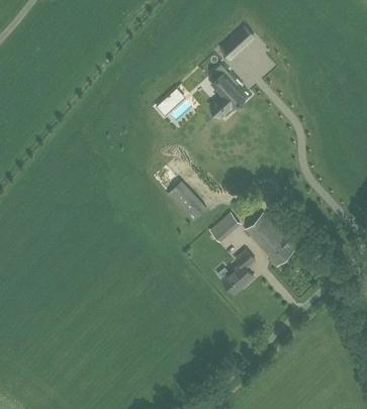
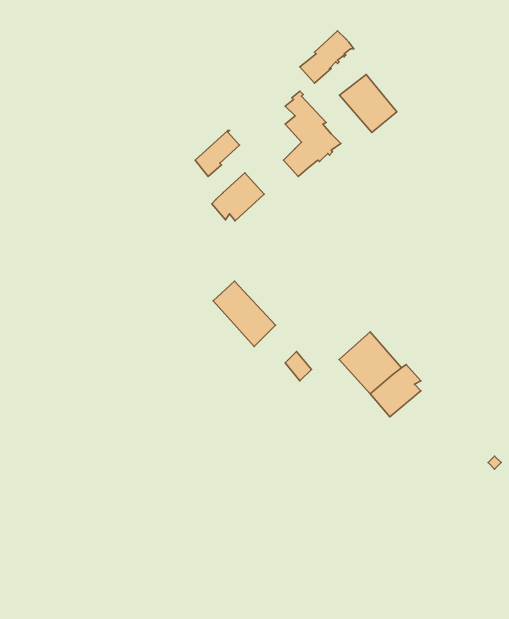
building: none -> [340,75,397,132]
building: none -> [212,173,264,221]
building: [222,249,256,293] -> none

